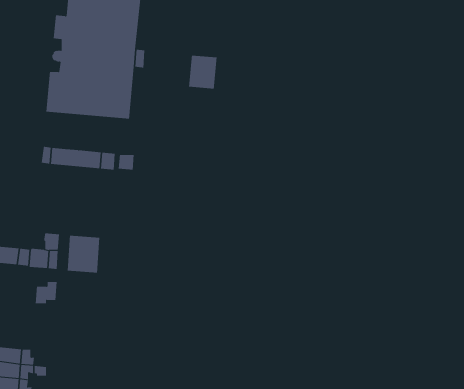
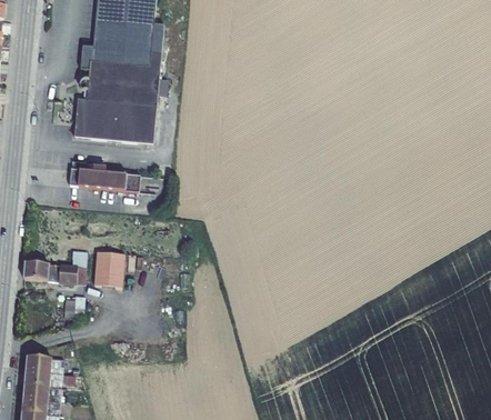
building: [189,55,217,89] -> none

